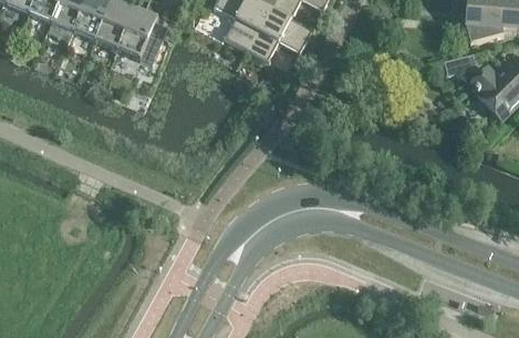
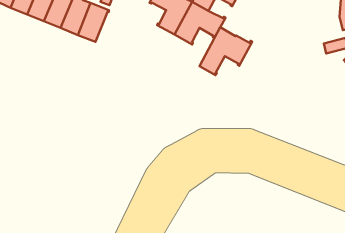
building: none -> [199,27,252,75]

